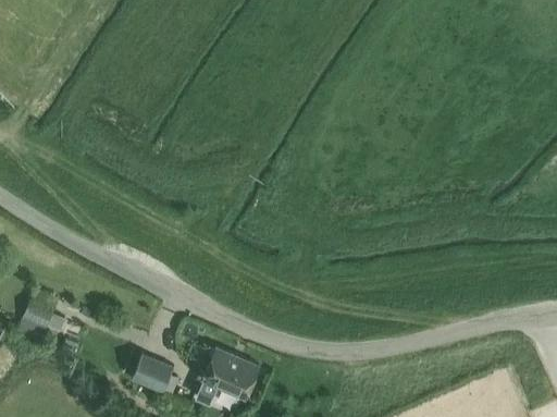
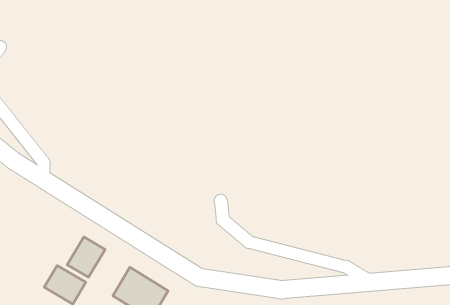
building: none -> [67,237,105,277]

